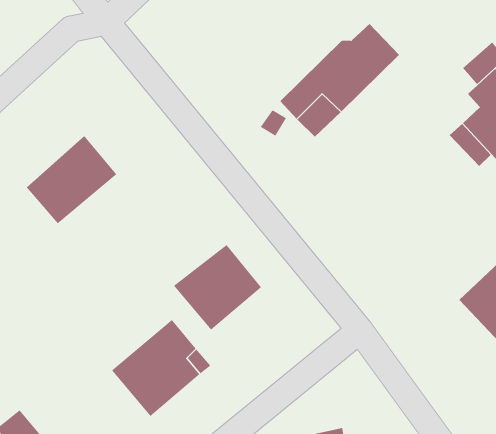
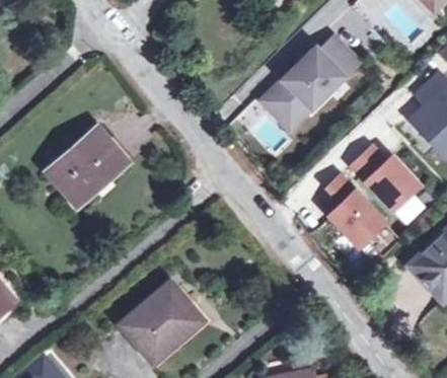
building: none -> [352,146,419,209]
building: none -> [326,175,384,244]
building: [173,244,262,331] -> none

